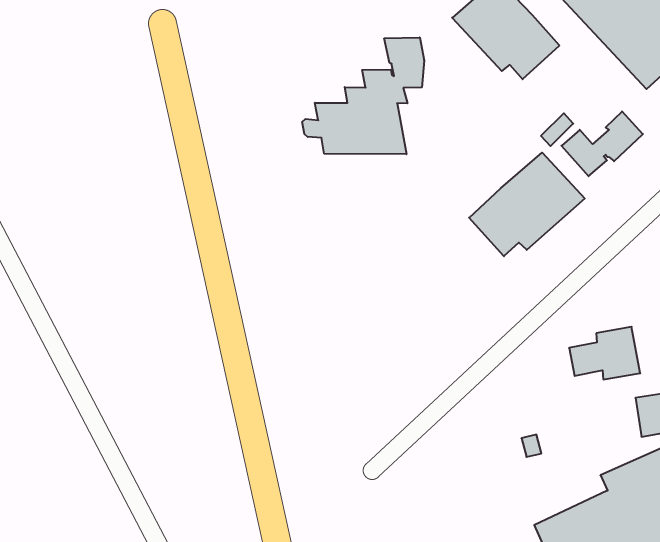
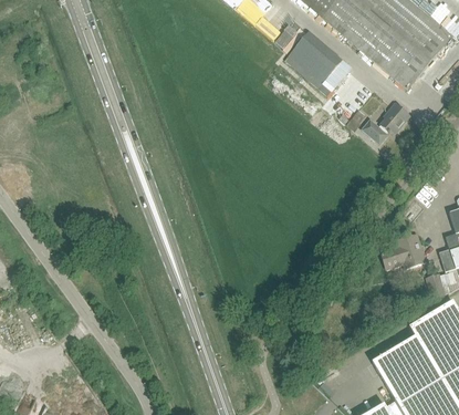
building: [302,37,424,154] -> none
building: [469,153,585,256] -> none

